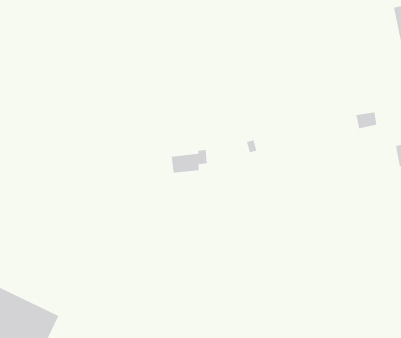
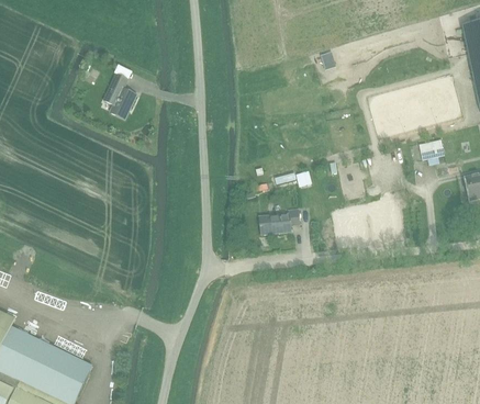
building: none -> [104,72,137,119]
building: [171,149,208,173] -> [259,207,300,234]

